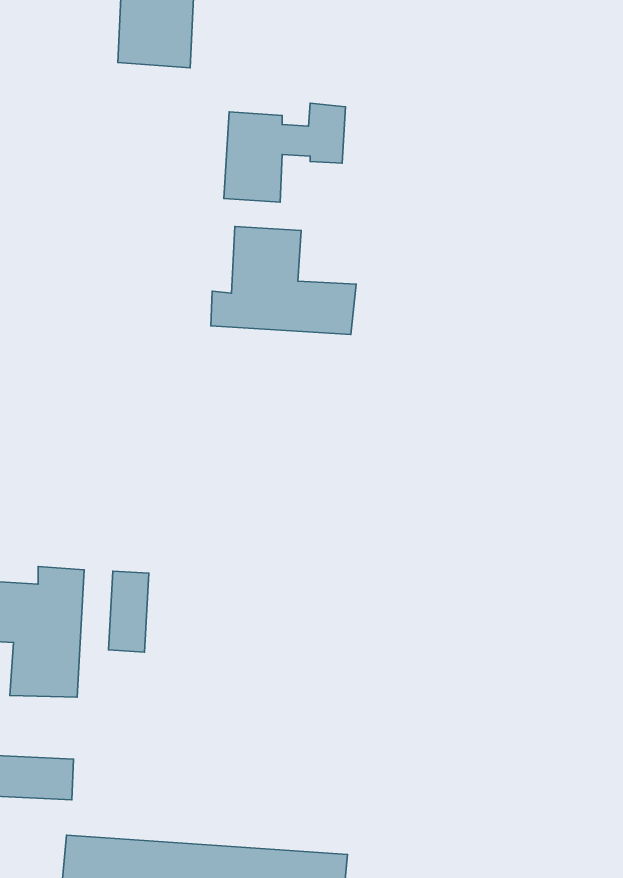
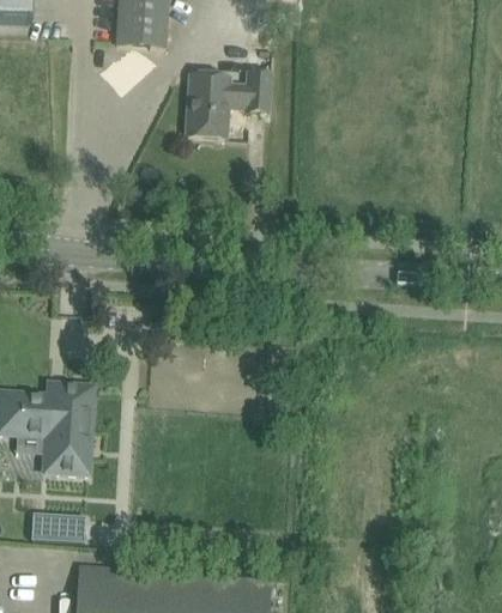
building: [211,227,356,335] -> none
building: [108,571,149,652] -> none

